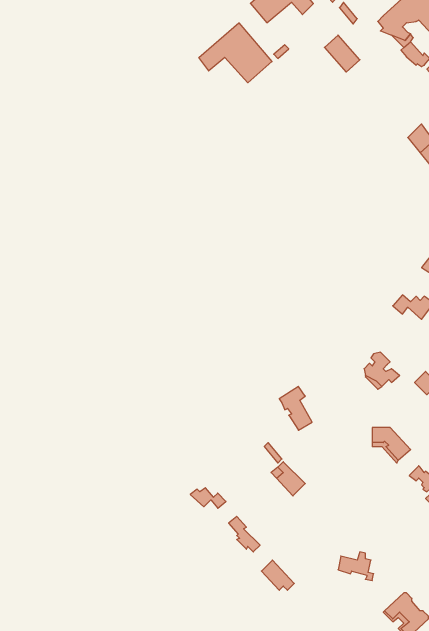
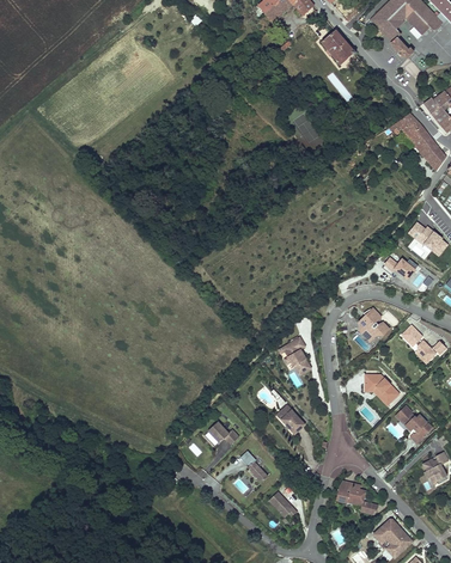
building: [199,23,272,83] -> none

